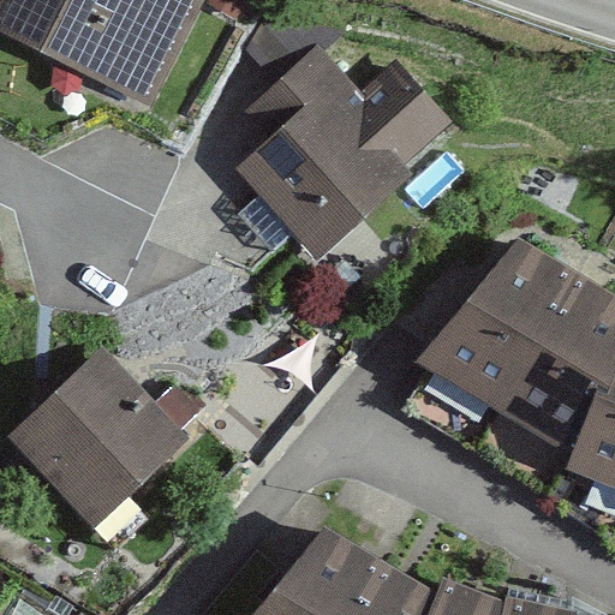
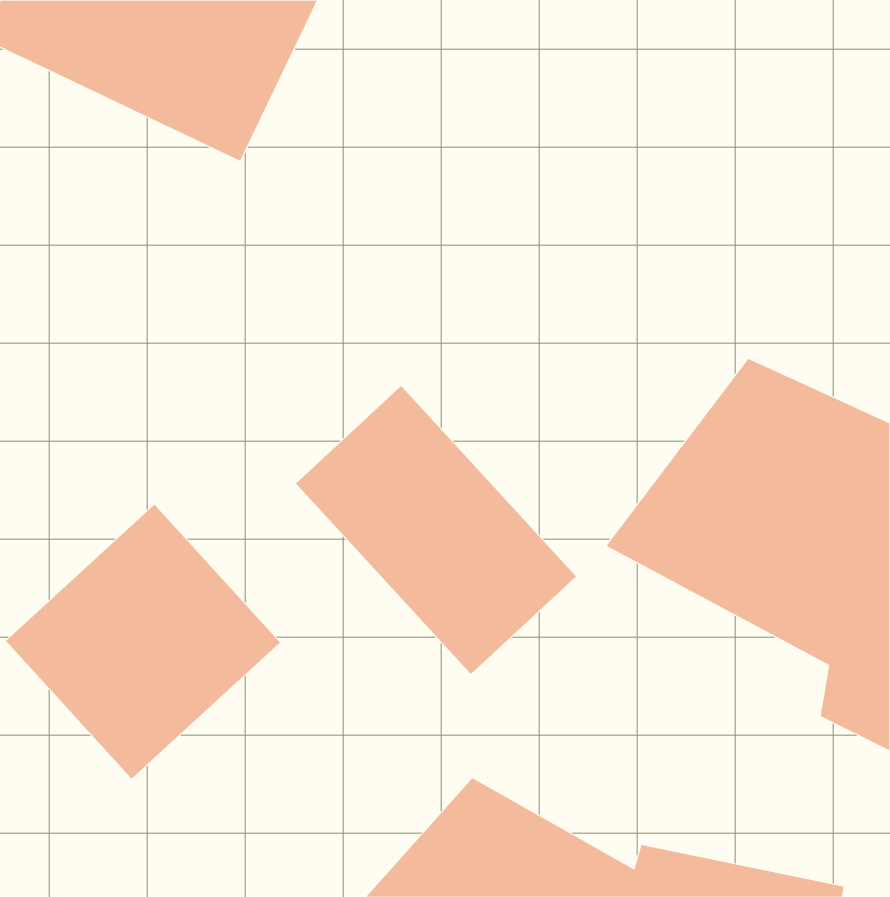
building: [241,44,454,267] -> none
building: none -> [295,385,577,675]

